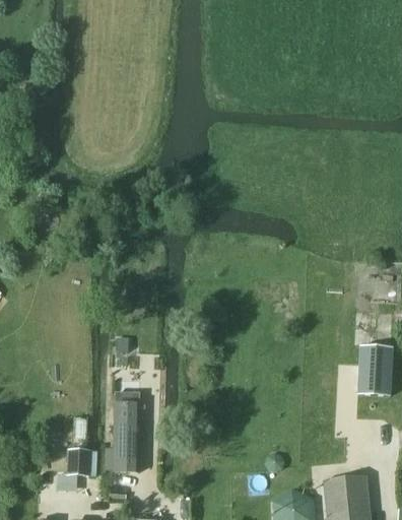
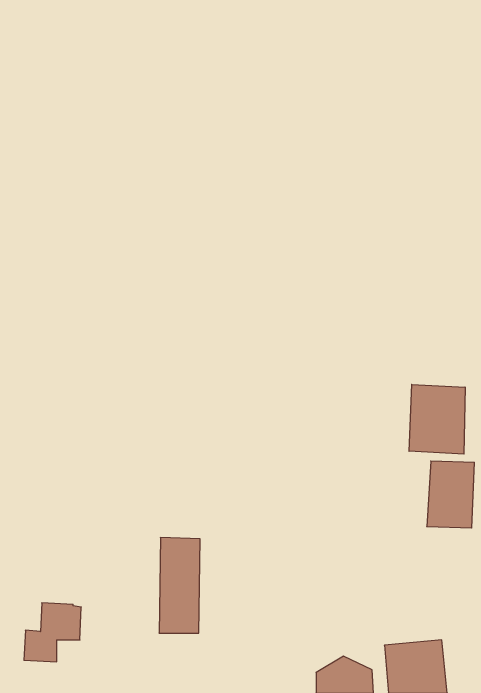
building: none -> [409,384,465,454]
building: [112,403,142,474] -> [159,538,200,633]

